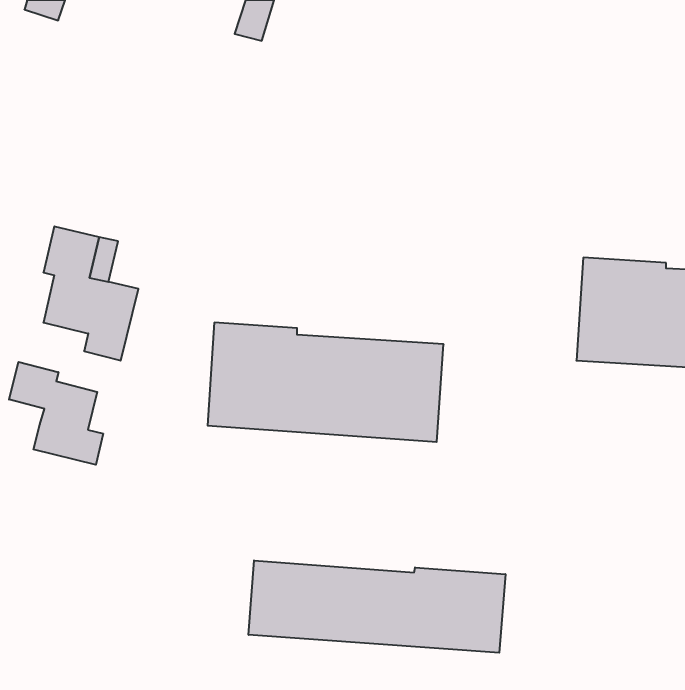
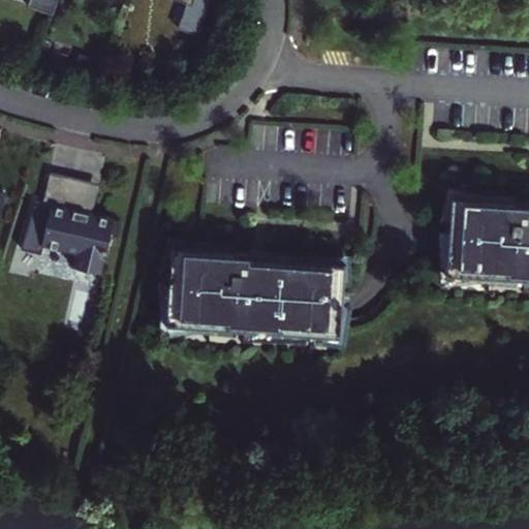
building: [9,362,103,465] -> none
building: [249,560,505,653] -> none

